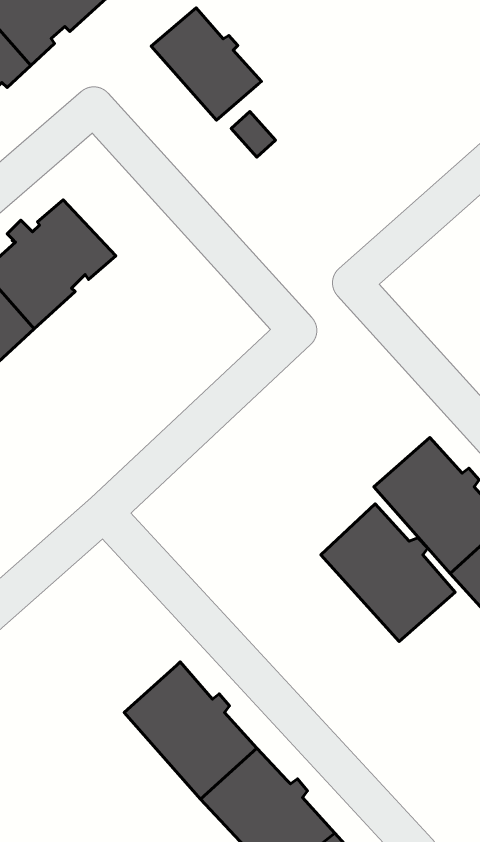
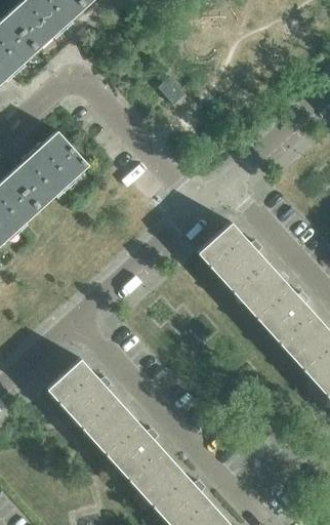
building: [151,8,261,120] -> none
building: [321,504,455,641] -> [198,221,279,305]
building: none -> [47,358,128,441]

